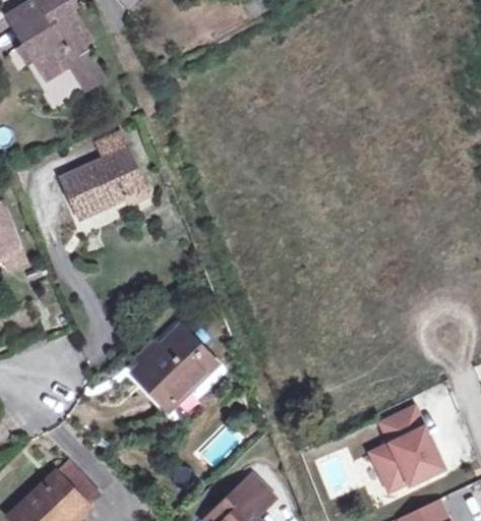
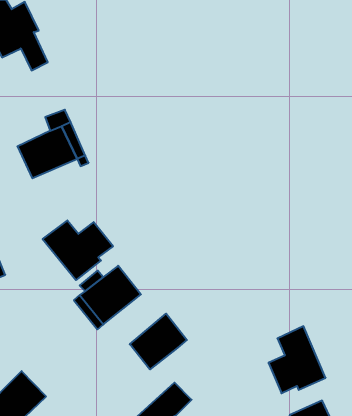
building: none -> [43,220,113,280]
building: none -> [130,314,187,369]

